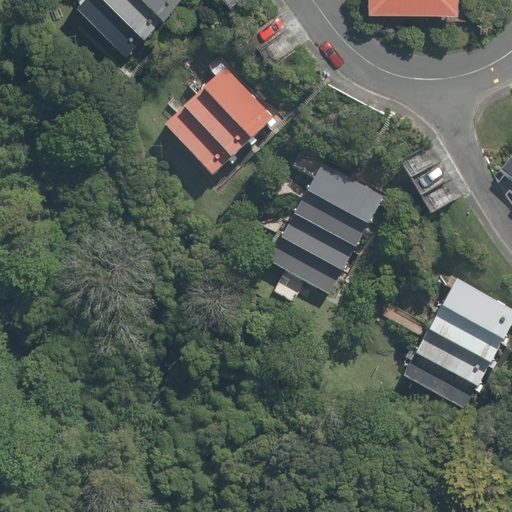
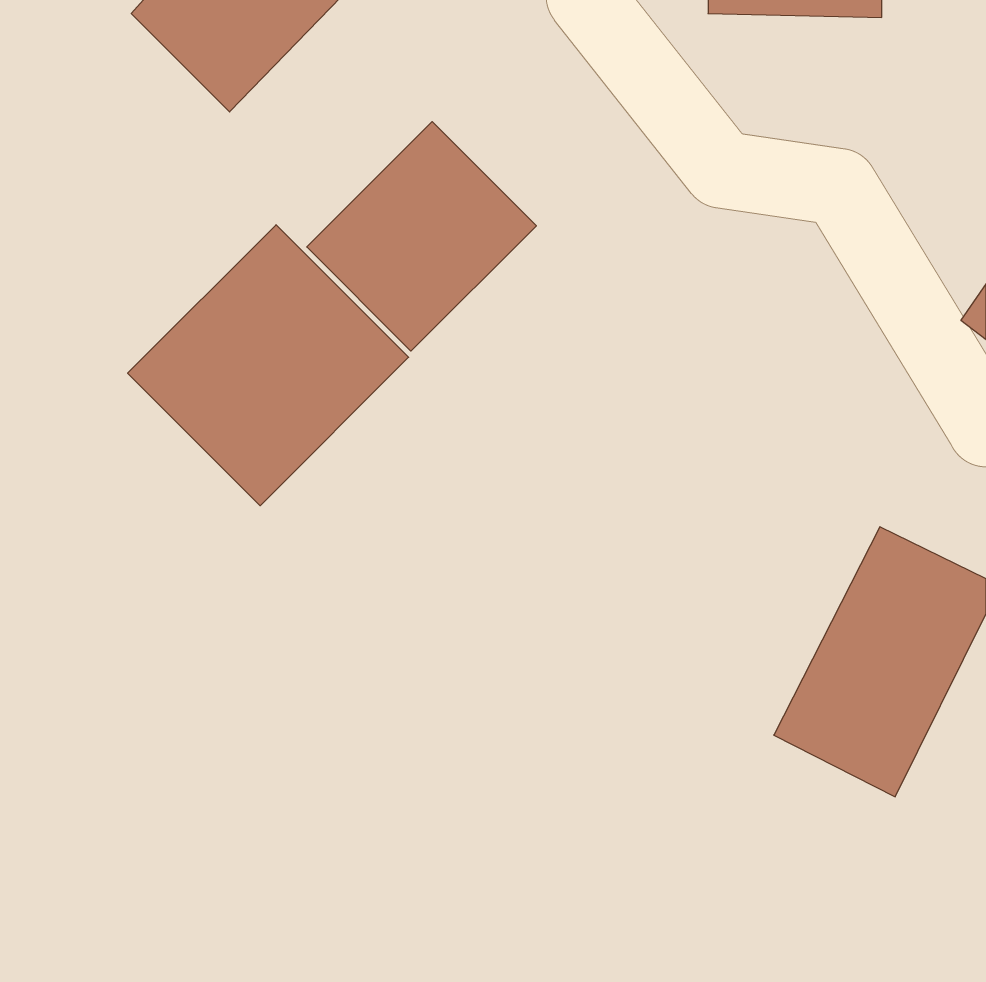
building: none -> [128,225,409,506]
building: [266,160,386,300] -> none

